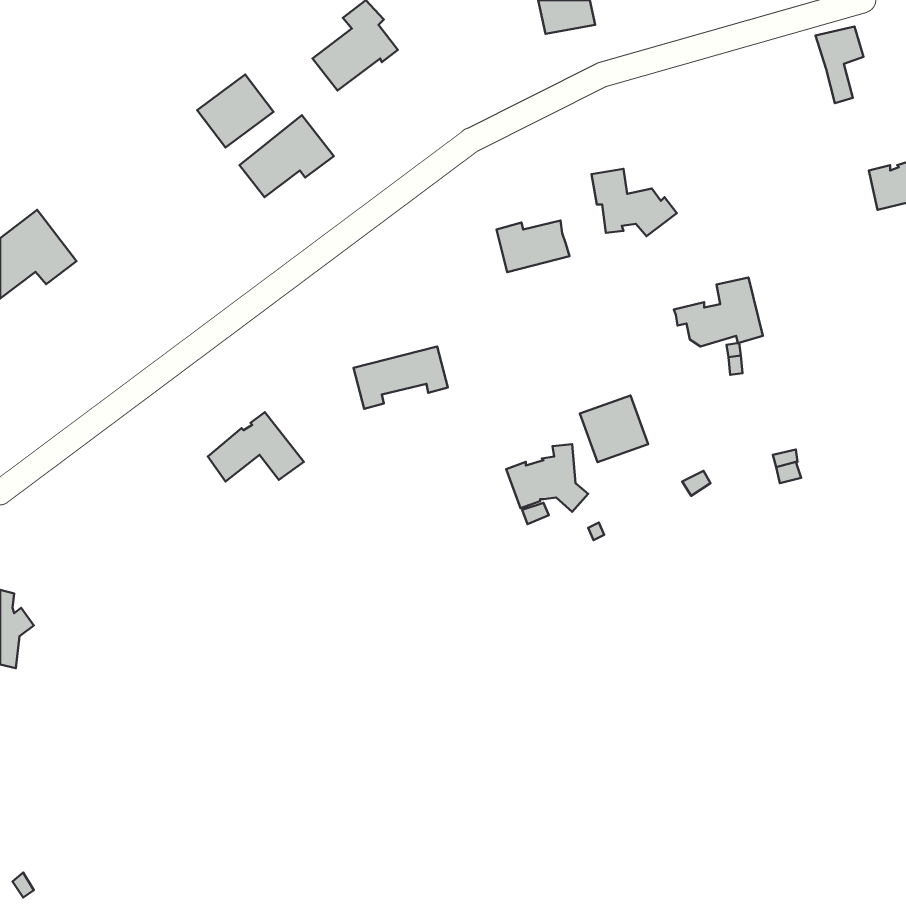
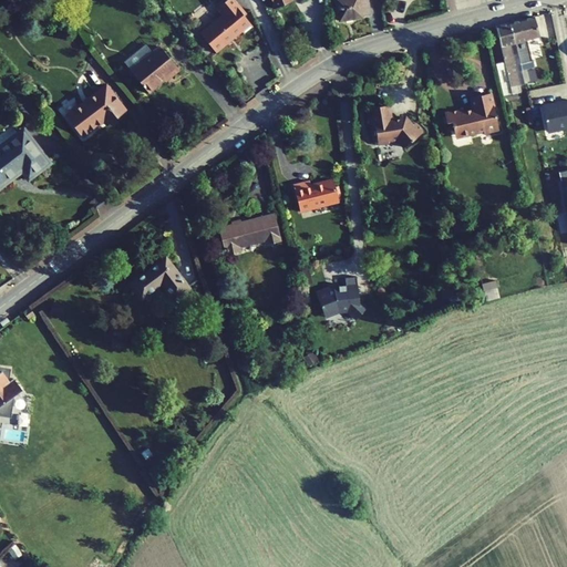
building: none -> [497,22,525,95]
building: [240,115,334,197] -> [68,85,126,136]
building: [497,221,569,272] -> [295,179,340,212]
building: [674,277,763,347] -> [445,93,501,136]
building: [580,396,648,462] -> none

